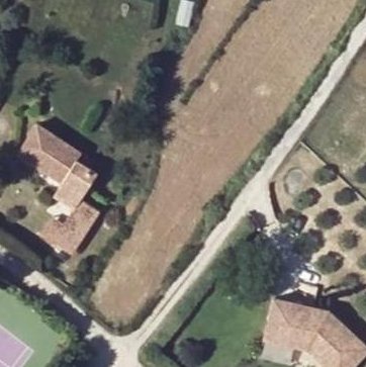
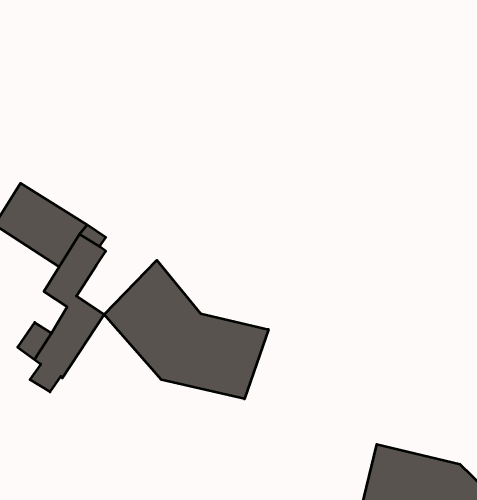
building: none -> [104,260,268,399]

